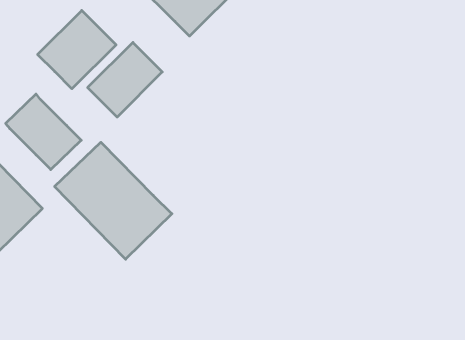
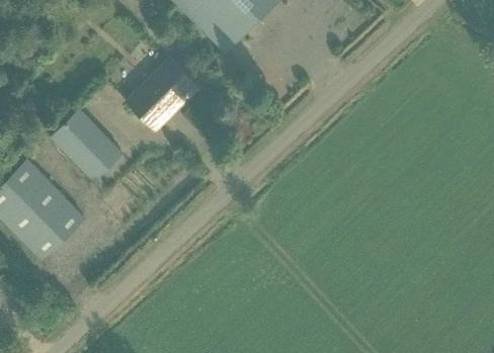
building: [38,10,116,89] -> none
building: [55,142,172,259] -> none

